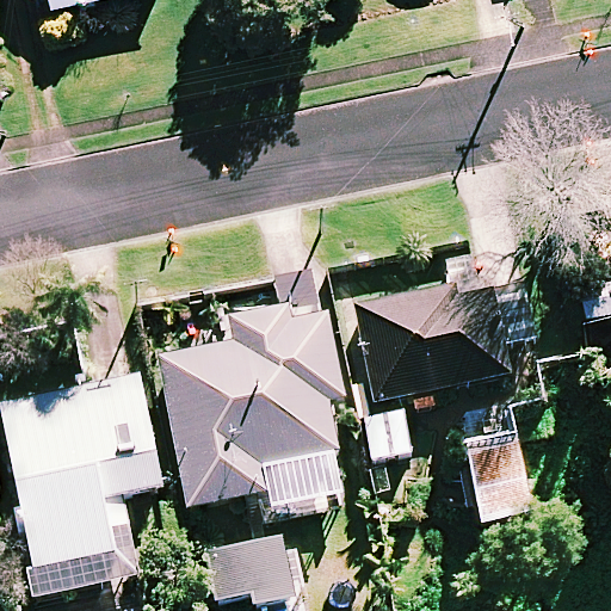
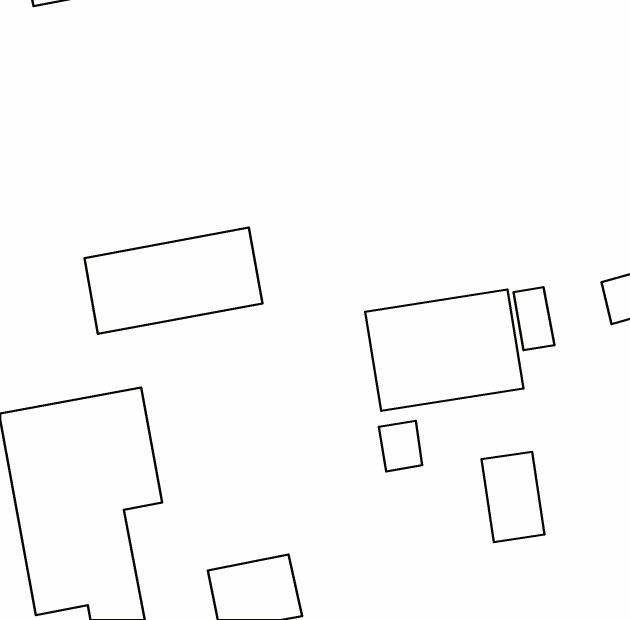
building: none -> [85,228,262,334]
building: [159,301,341,514] -> none

